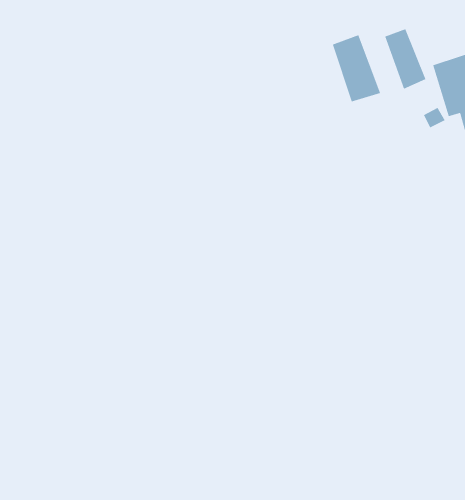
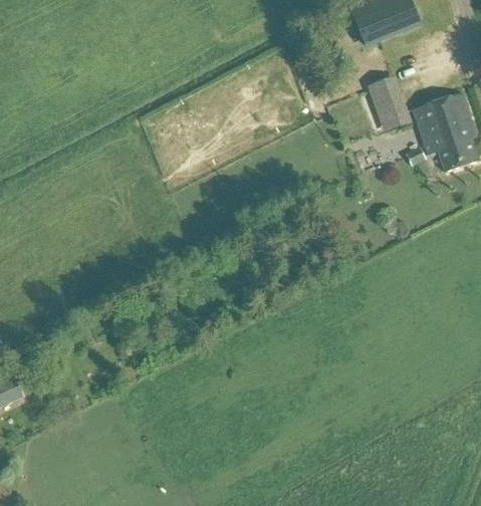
building: [332,34,381,102] -> none

